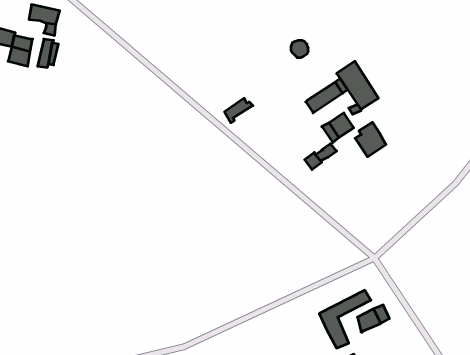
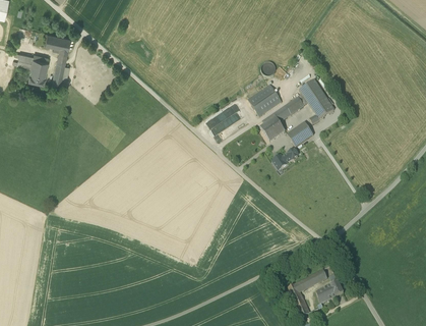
building: none -> [248,85,283,116]
building: [355,122,386,157] -> [259,113,285,142]

